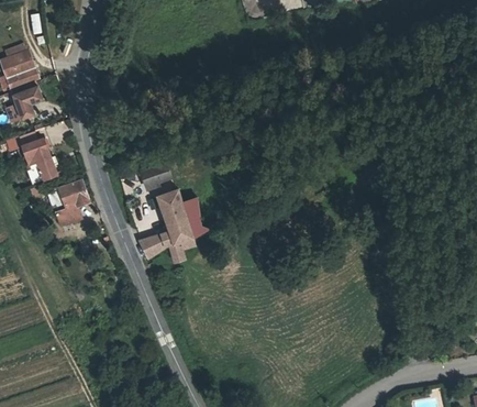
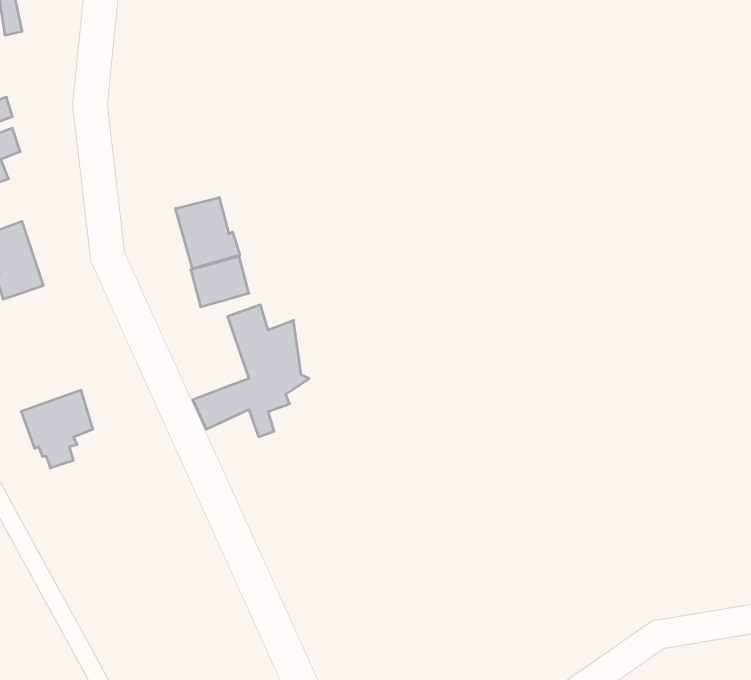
building: none -> [176,197,240,268]
building: [48,179,89,223] -> [21,390,93,468]

